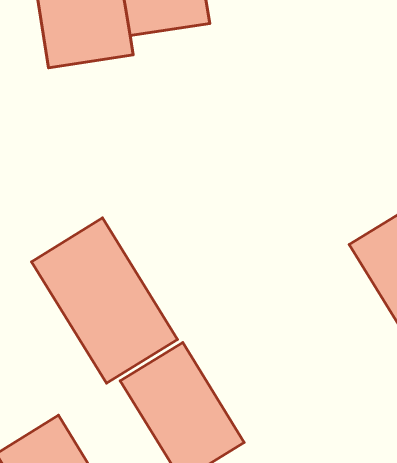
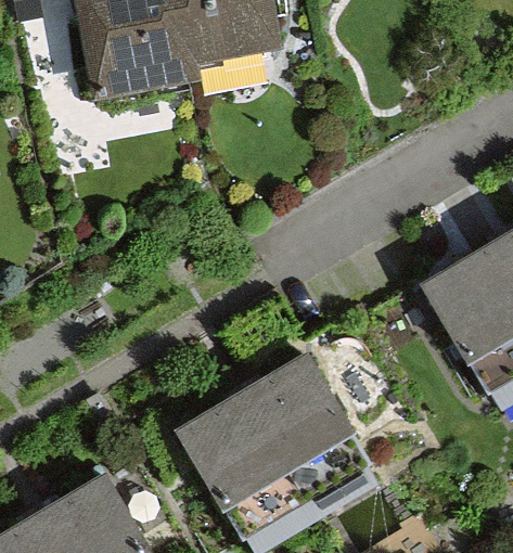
building: [32,218,177,383] -> none
building: none -> [240,350,373,499]

